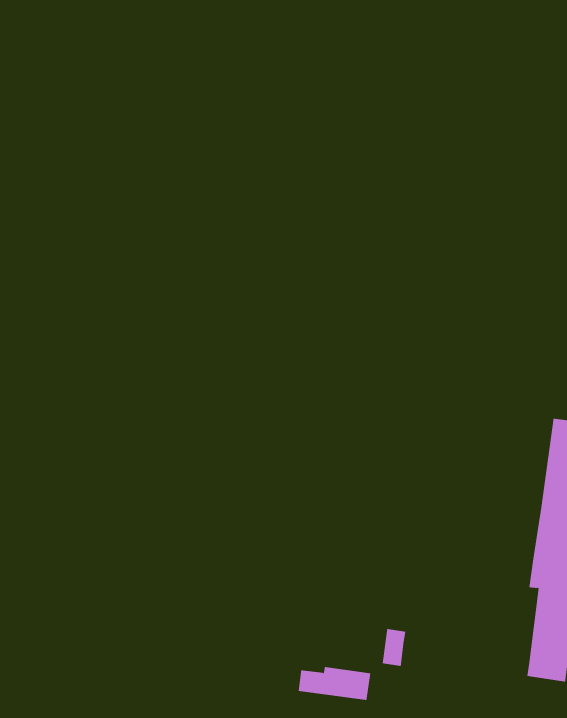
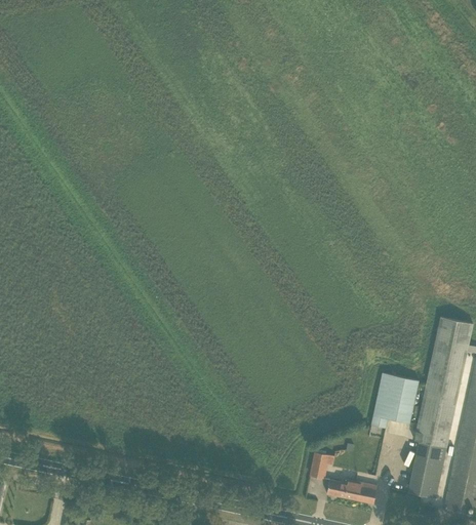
building: none -> [372,373,420,429]
building: [298,666,371,701] -> [327,479,379,504]

